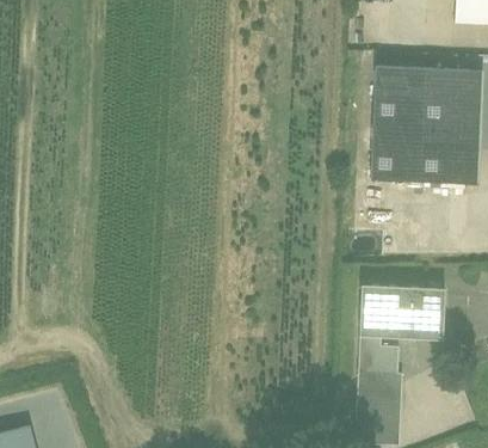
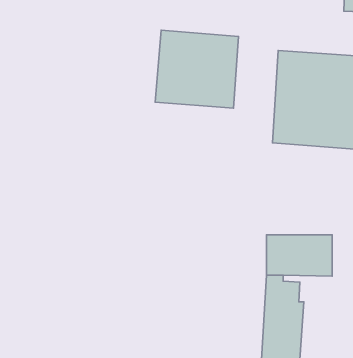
building: none -> [155,30,238,108]

